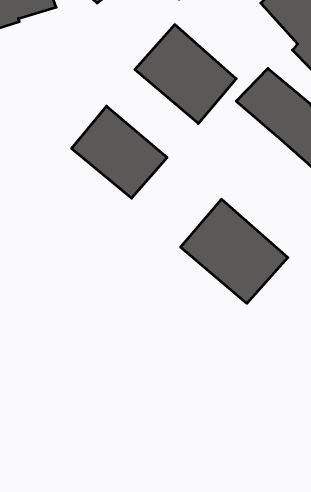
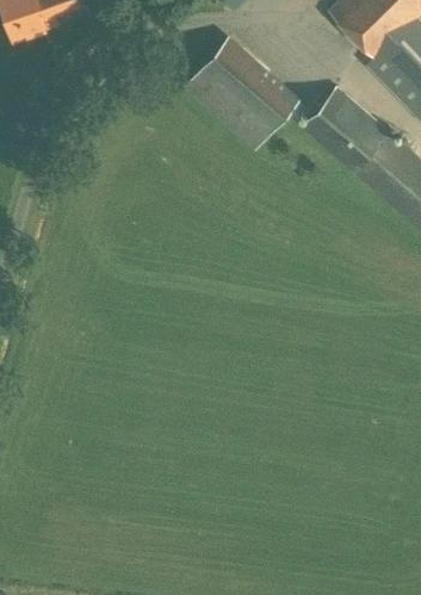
building: [72,106,167,198] -> none
building: [181,199,288,303] -> none

